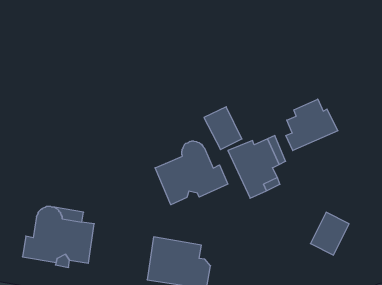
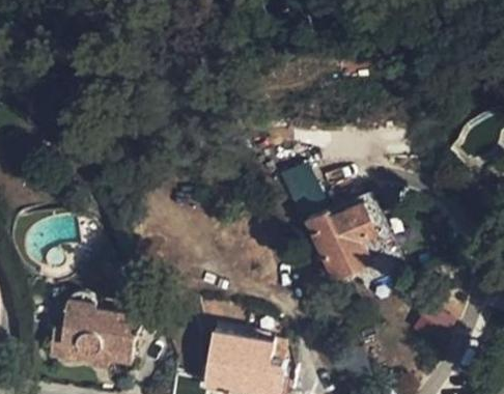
building: [286,99,338,151] -> none
building: [155,141,228,205] -> none

